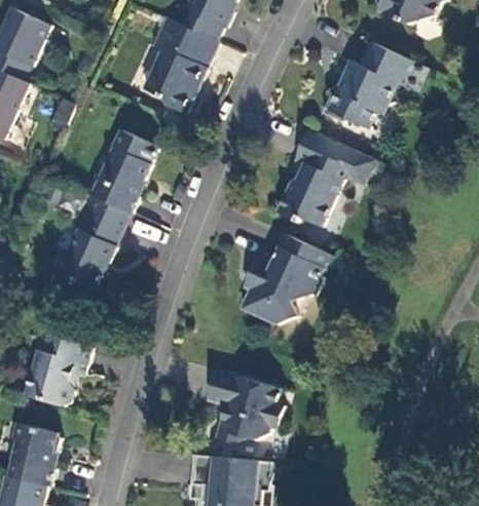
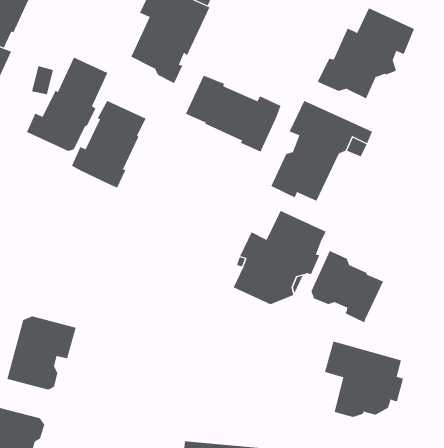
building: none -> [185,75,281,152]
building: [51,197,130,287] -> [26,57,108,152]
building: none -> [311,250,384,323]
building: [209,369,285,442] -> [324,341,404,417]

